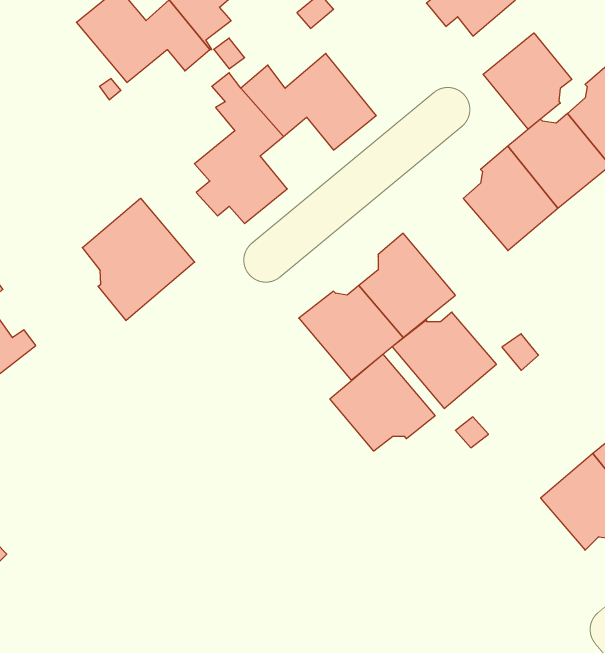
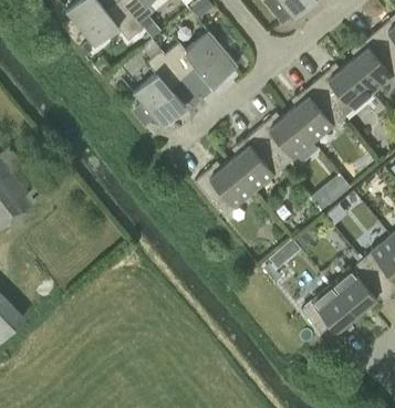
building: [483,33,572,129] -> none
building: [82,198,195,321] -> none
building: [392,312,496,409] -> [253,114,313,169]
building: [330,354,435,451] -> none
building: none -> [302,285,357,345]

